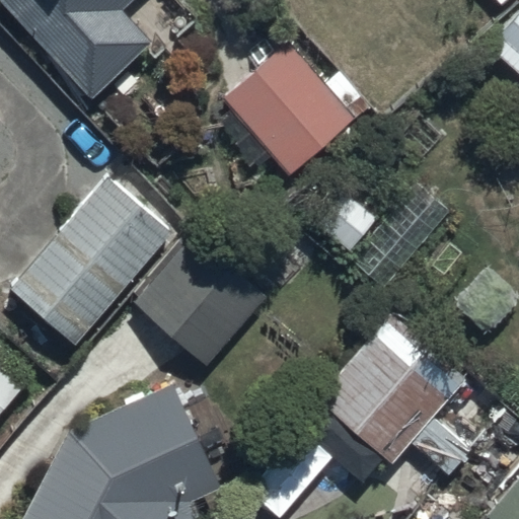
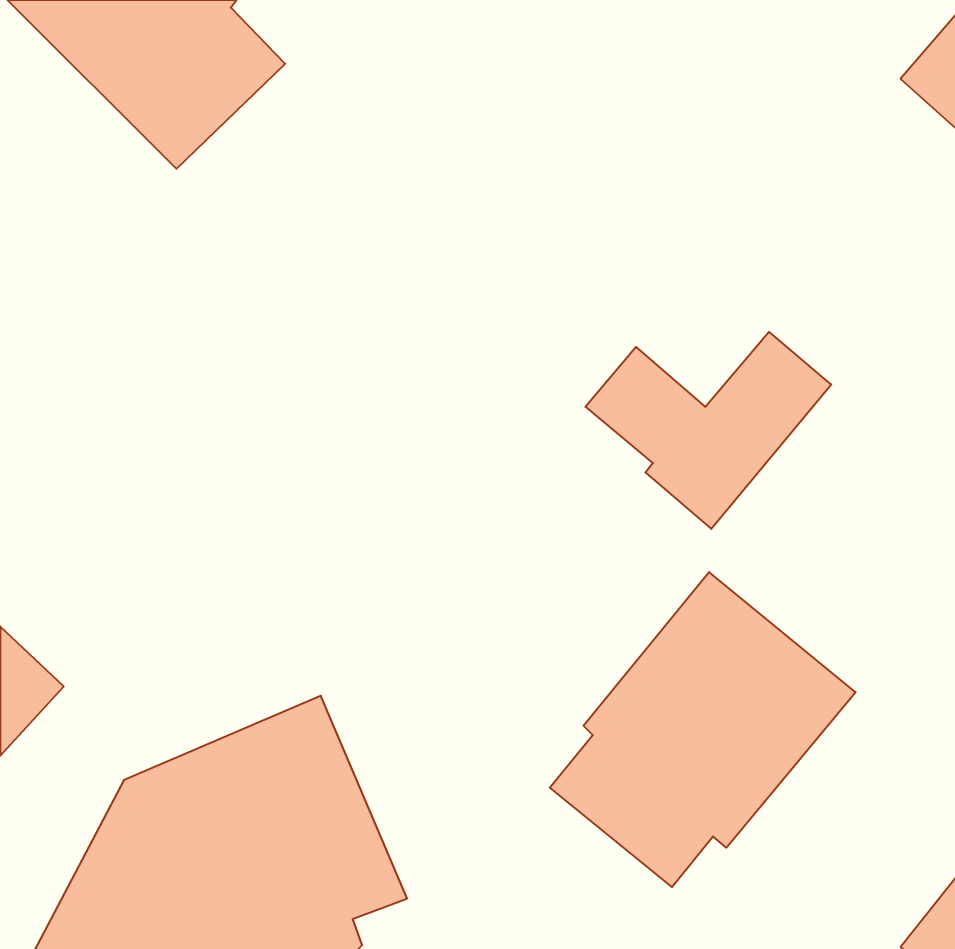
building: [222,43,353,175] -> none
building: [8,175,174,349] -> none
building: [134,236,263,364] -> none

